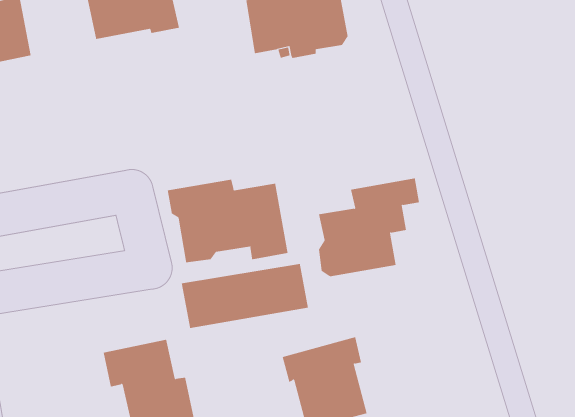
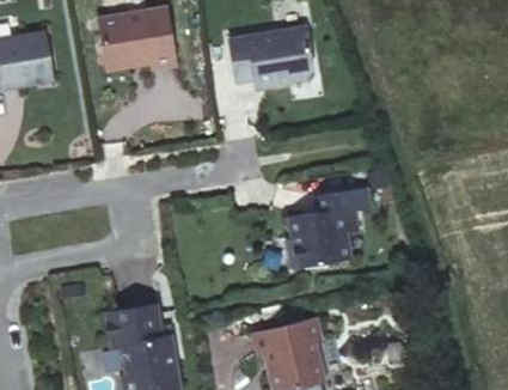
building: [167,179,288,263] -> none
building: [181,263,308,329] -> none

